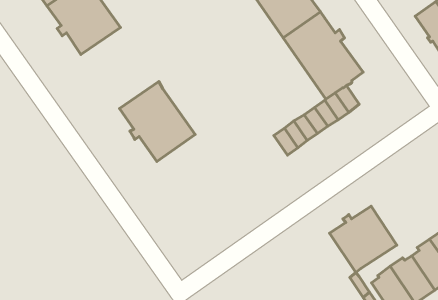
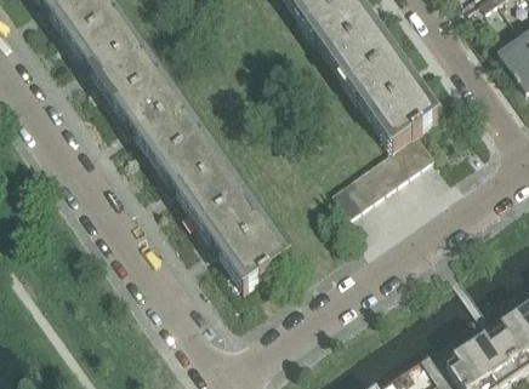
building: none -> [109,64,200,159]
building: none -> [198,189,290,287]
building: [330,206,397,272] -> none

